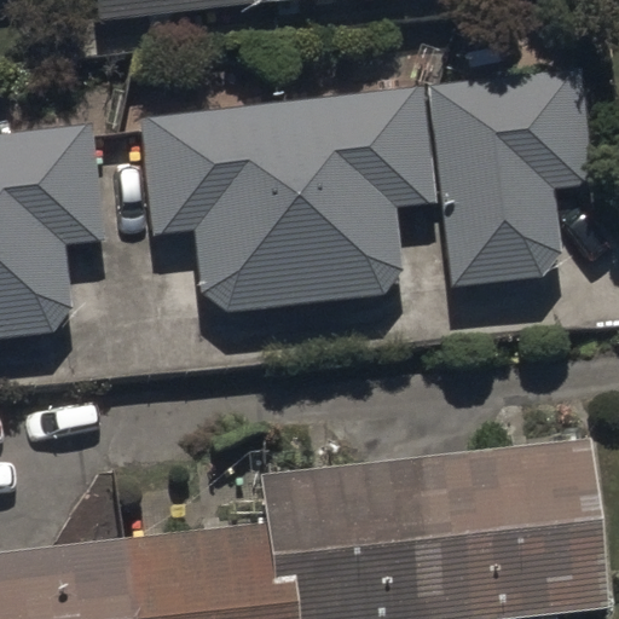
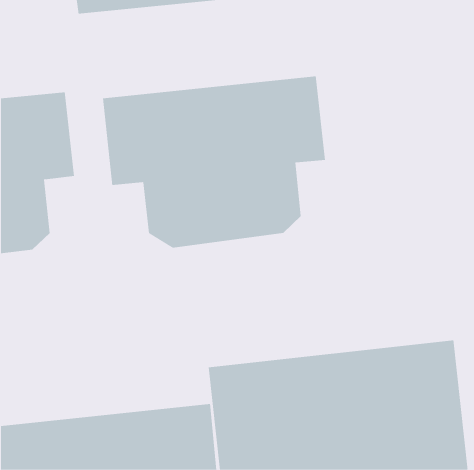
building: [427,73,584,289] -> none

